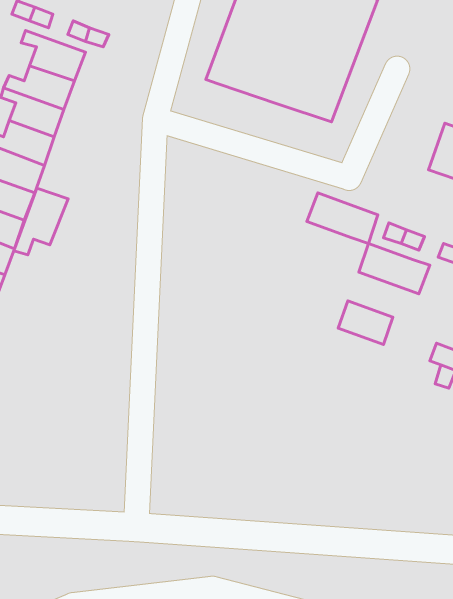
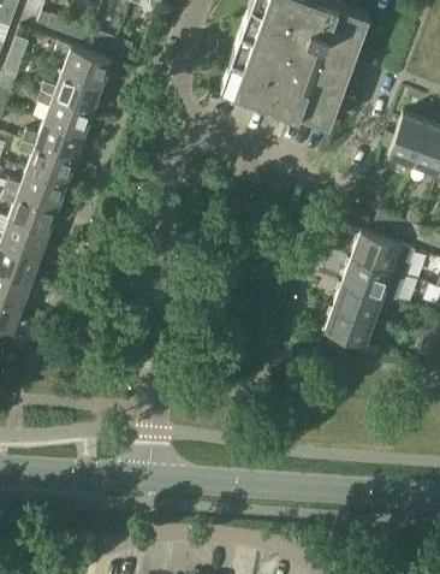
building: none -> [387,114,428,165]
building: [14,188,68,255] -> none
building: [307,193,378,243] -> [343,255,405,300]
building: none -> [325,304,374,345]

